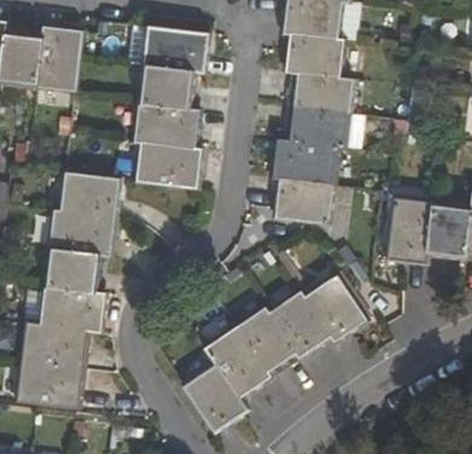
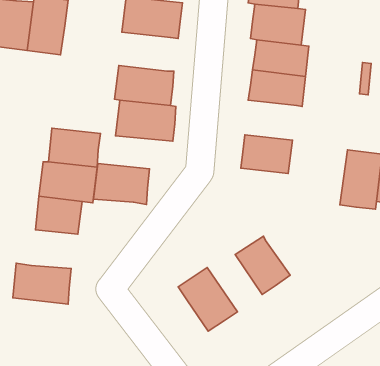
building: [138,64,196,107] -> none
building: [273,139,337,185] -> none
building: [302,274,366,340] -> none
building: [40,285,103,331] -> [93,163,150,204]
building: [237,308,298,377] -> none
building: [14,361,81,404] -> none
building: [182,363,245,431] -> none

